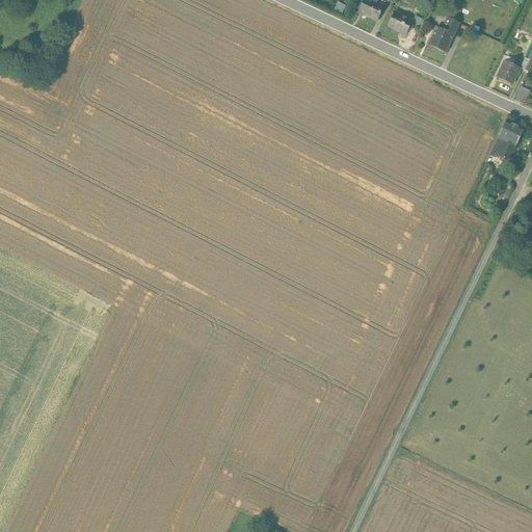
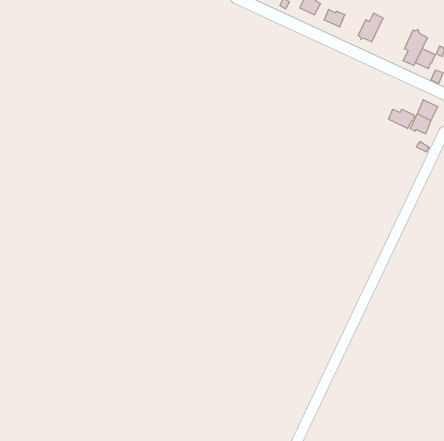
building: none -> [403,30,427,65]
building: none -> [389,109,415,129]

